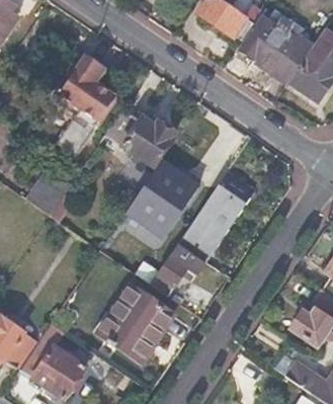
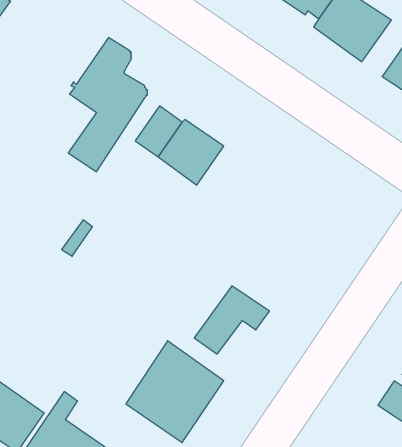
building: [127,163,197,234] -> none
building: [178,171,256,261] -> none

